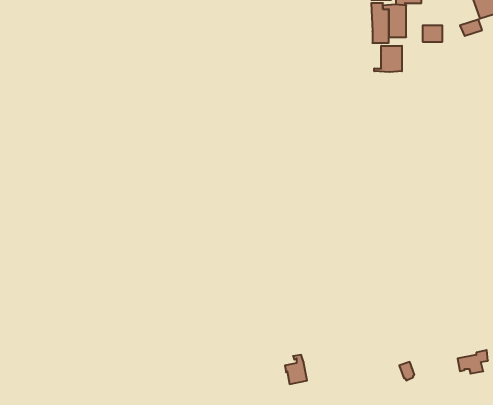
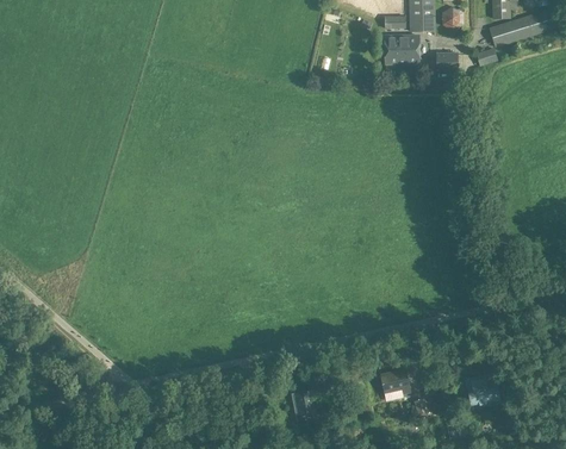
building: [374,46,402,72] -> none
building: none -> [385,368,413,394]

